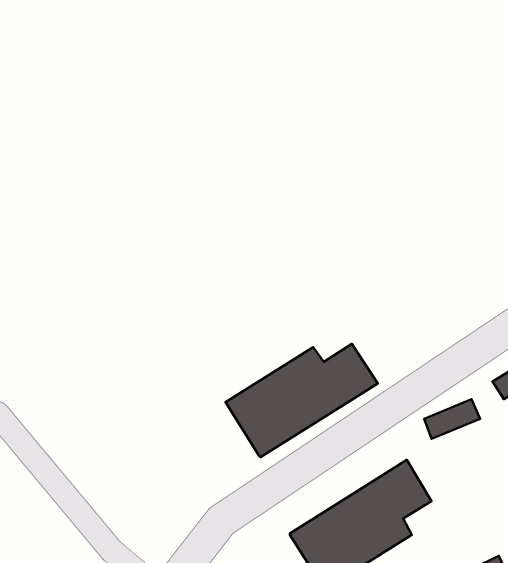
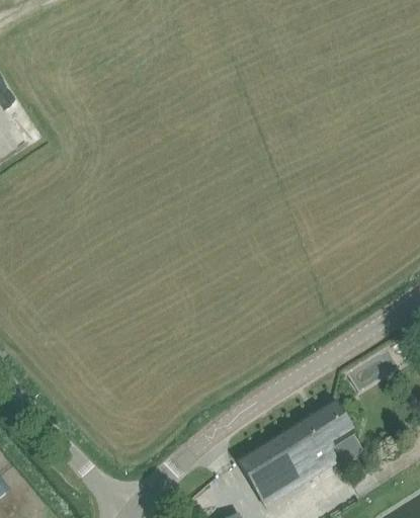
building: [226,344,378,457] -> none

